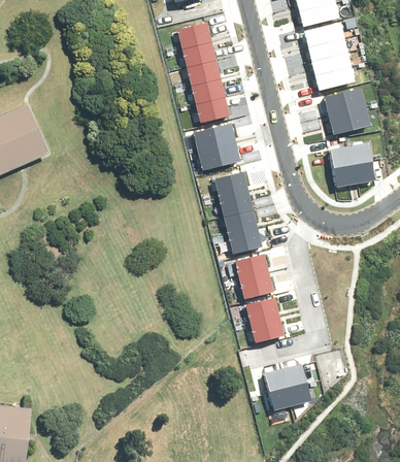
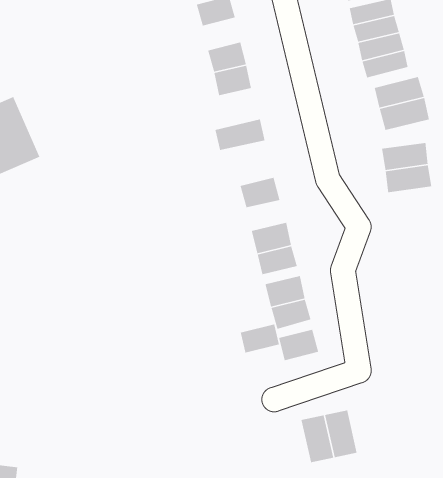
building: [182,39,214,66] -> none
building: [196,98,229,125] -> none
building: [197,141,239,170] -> none
building: [219,191,253,216] -> none
building: [251,317,284,341] -> [240,324,280,353]

